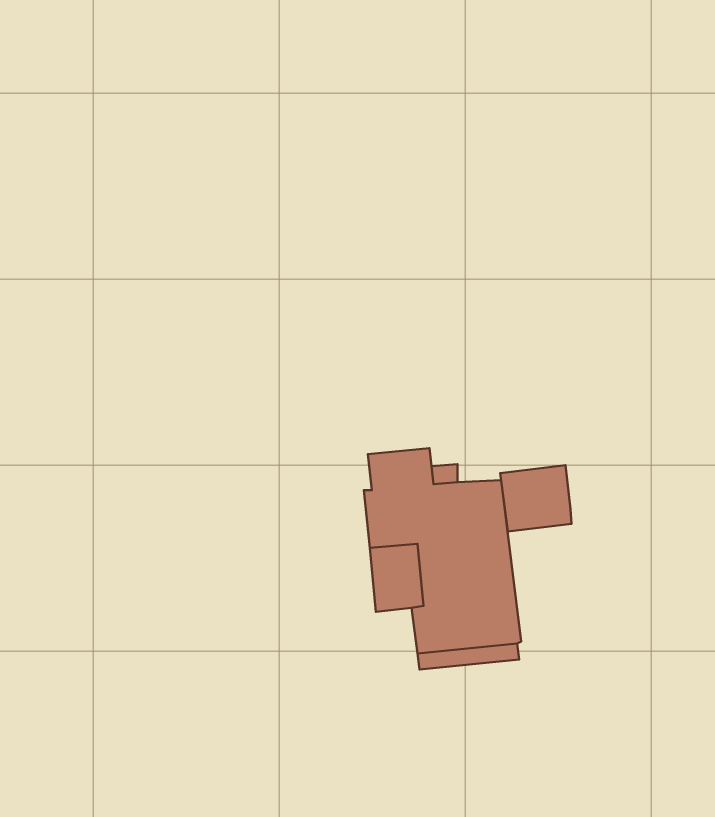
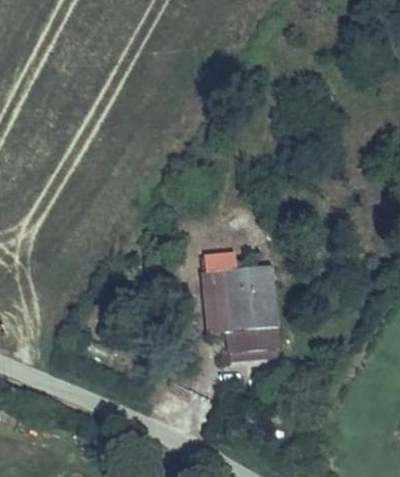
building: [500,465,571,531] -> none

